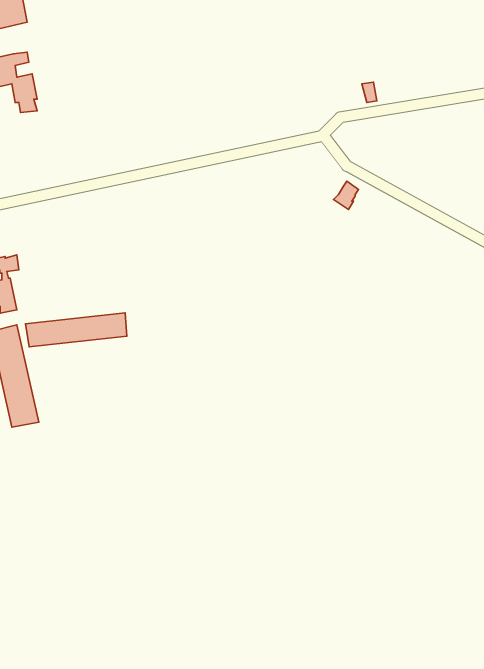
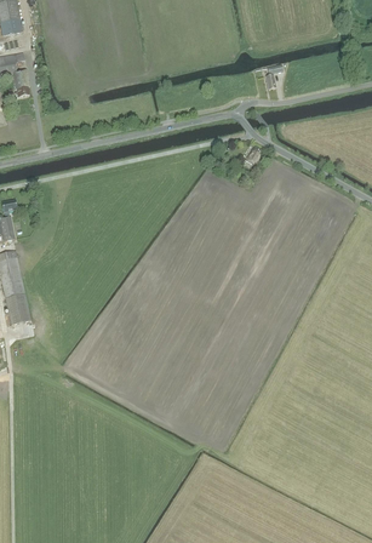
building: [26,313,127,347] -> none

